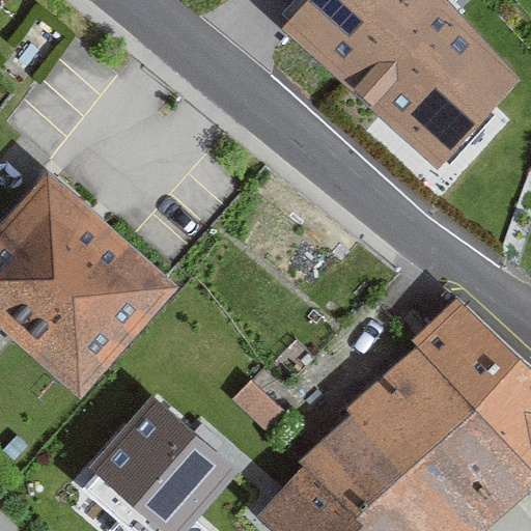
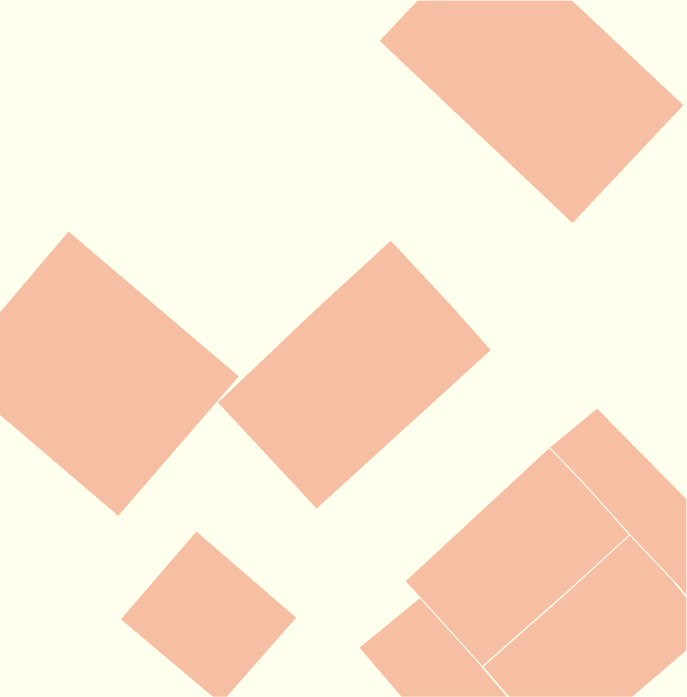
building: none -> [217,240,491,509]

